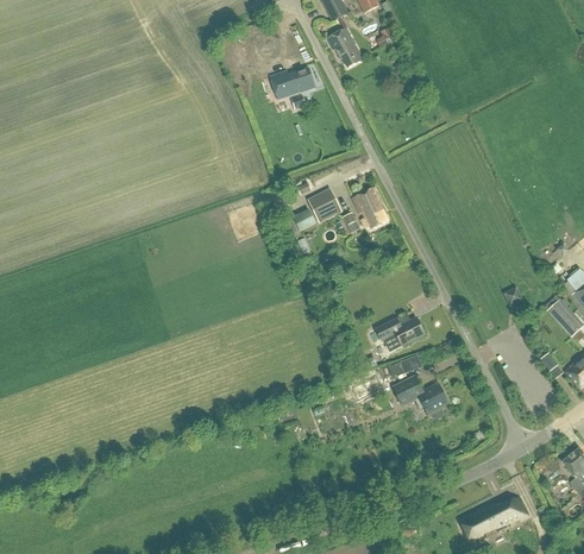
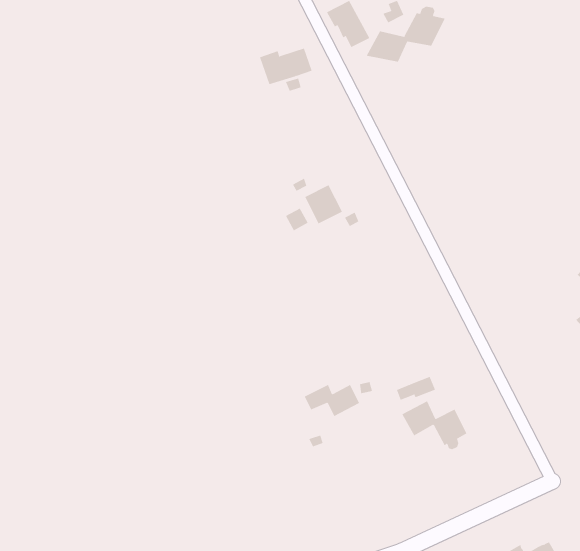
building: none -> [366,6,445,63]
building: [352,185,387,228] -> none
building: [375,316,423,345] -> [304,384,360,417]

